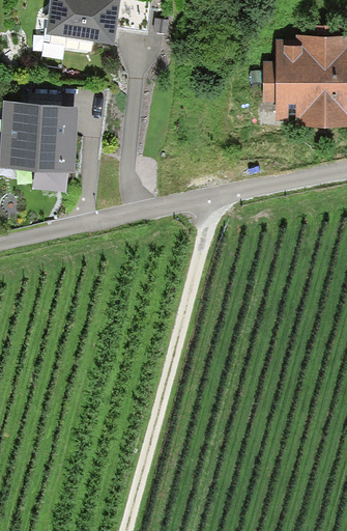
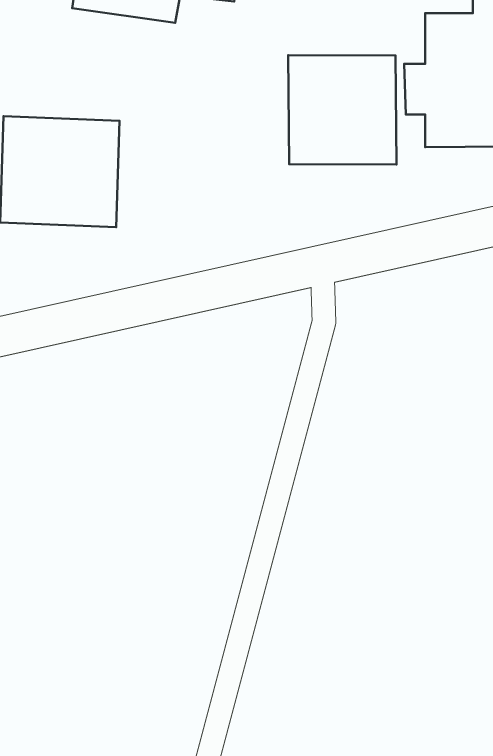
building: none -> [288,55,397,164]

